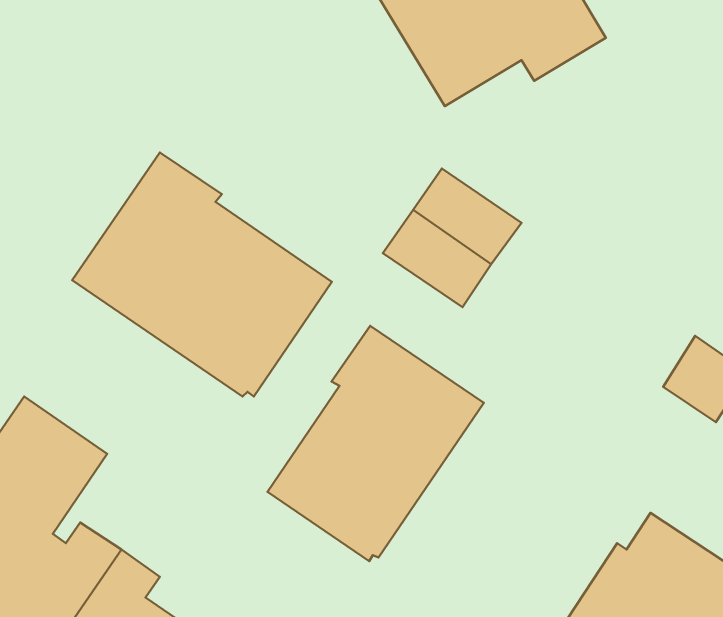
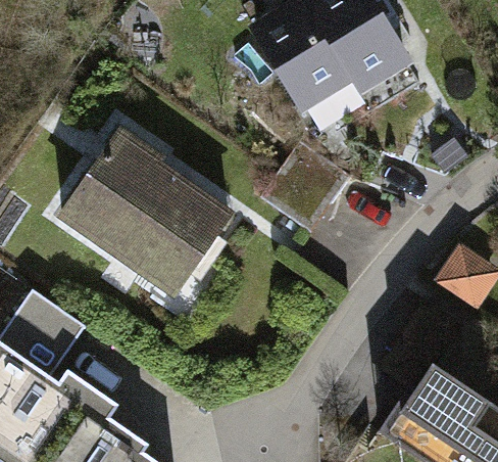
building: [268,326,484,561] -> none

